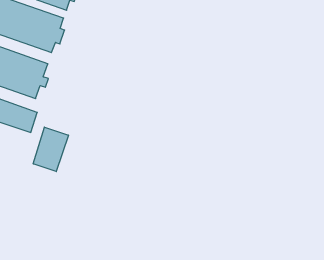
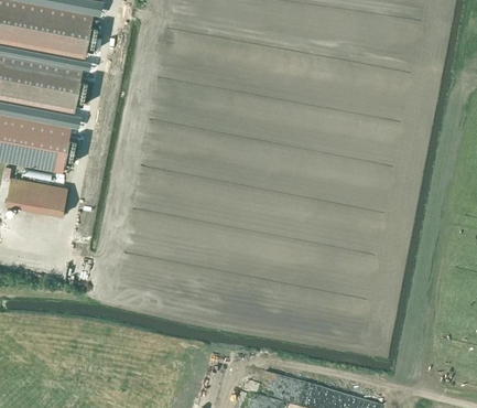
building: [33,127,68,172] -> none

